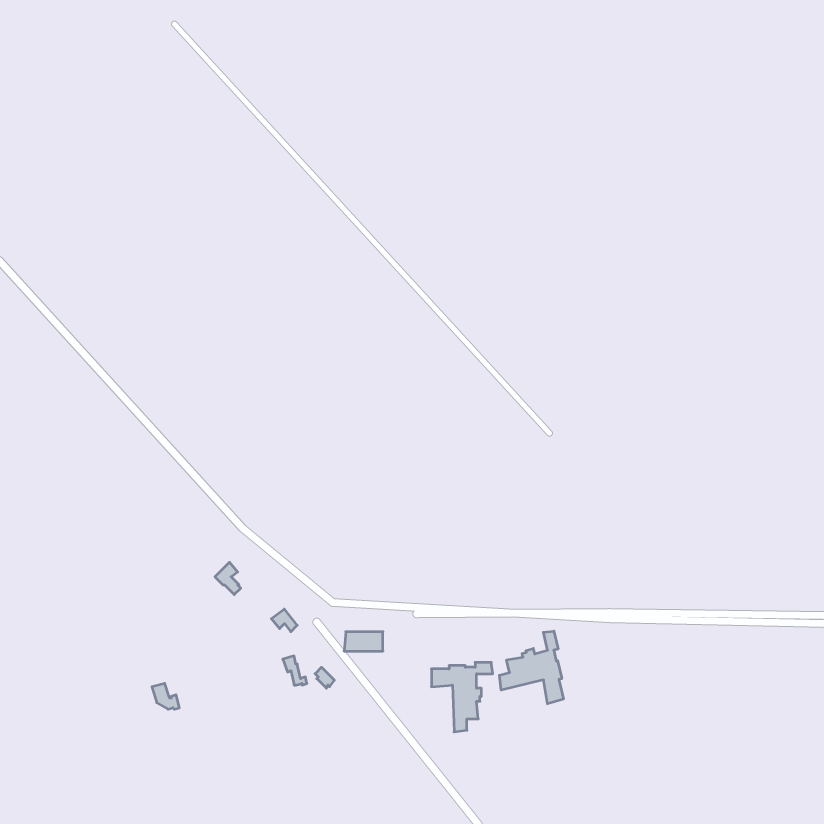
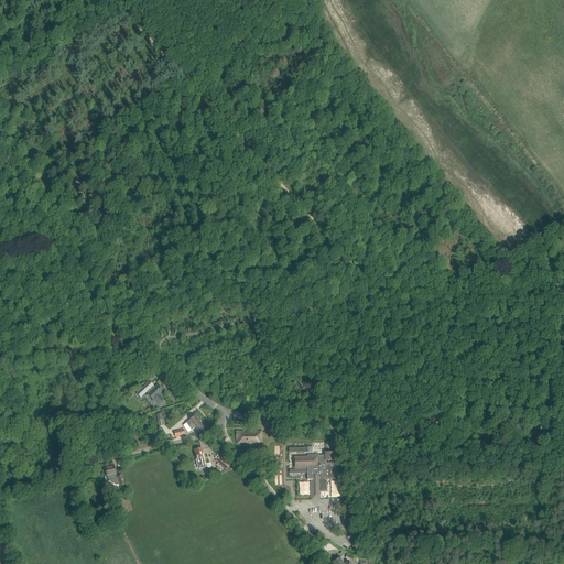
building: [499,631,563,704] -> none

